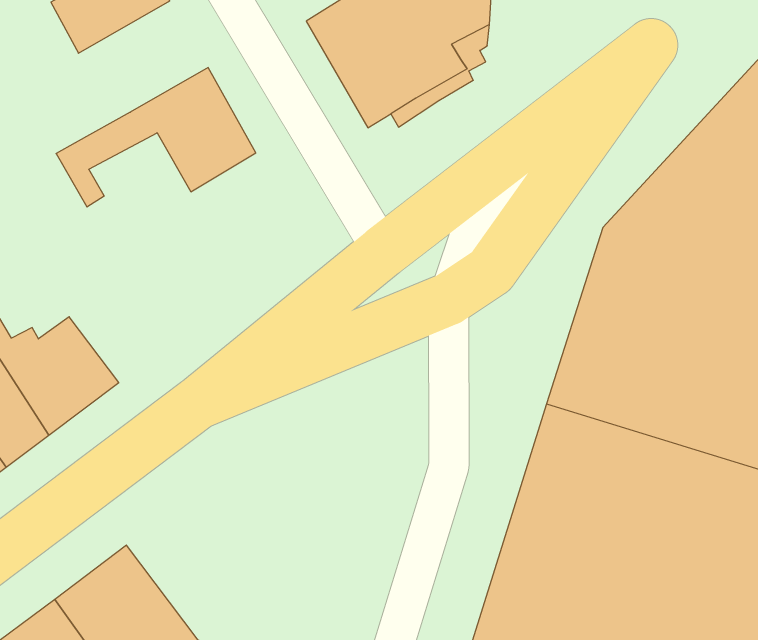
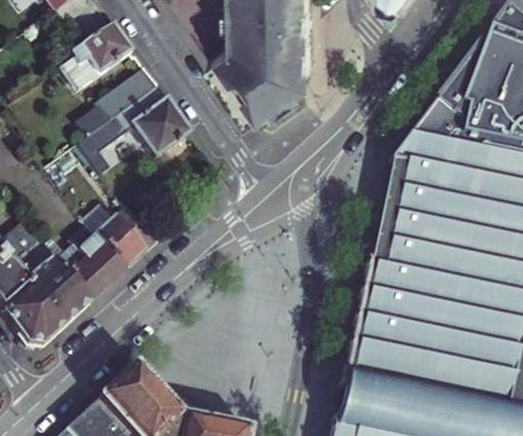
building: none -> [75,71,157,138]
building: none -> [91,220,153,273]

